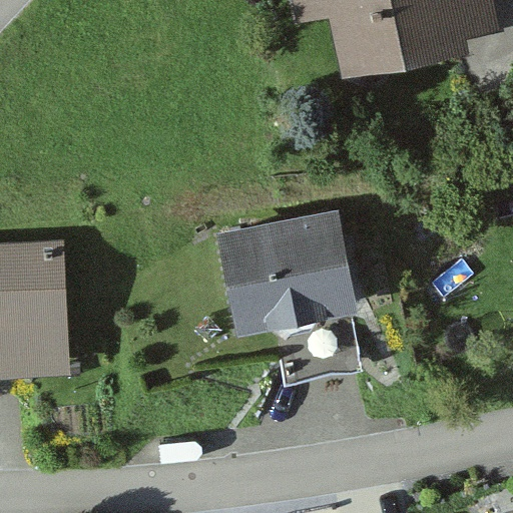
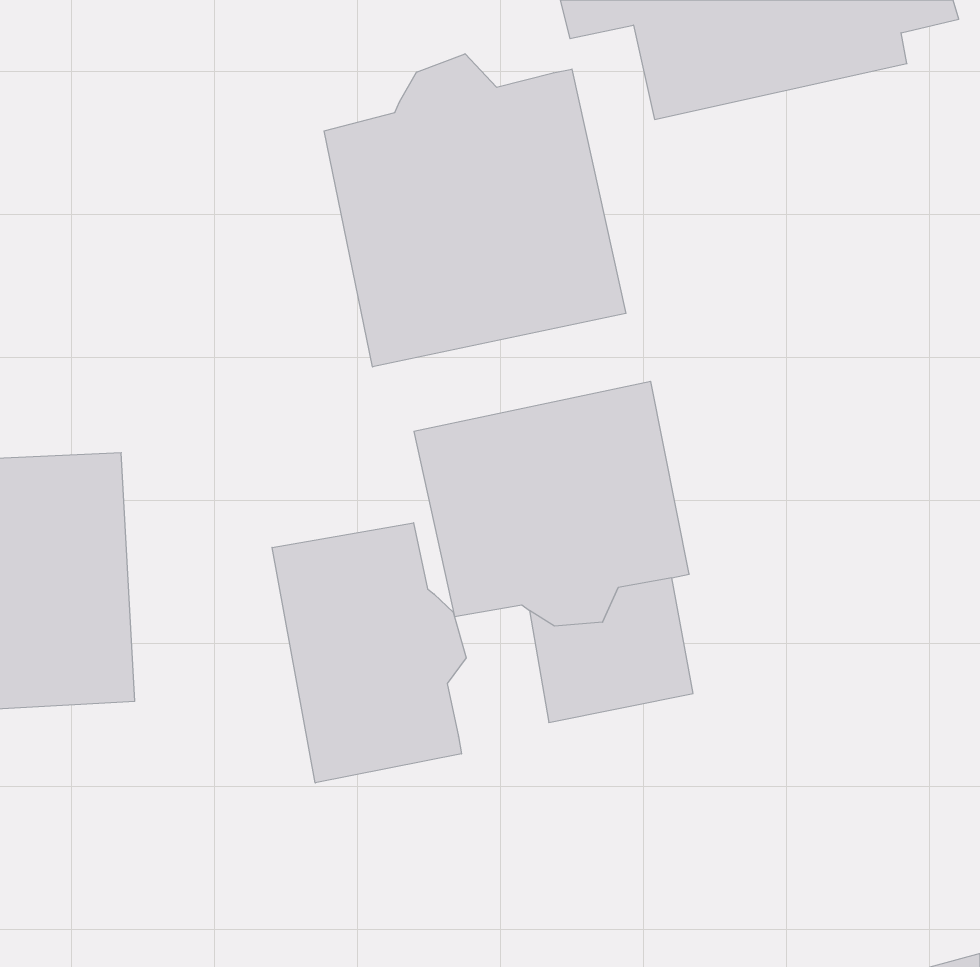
building: none -> [324,54,626,367]
building: none -> [272,523,466,783]

